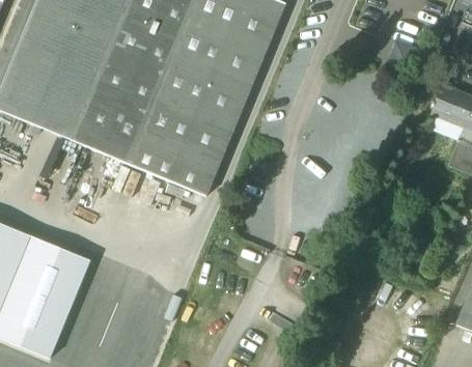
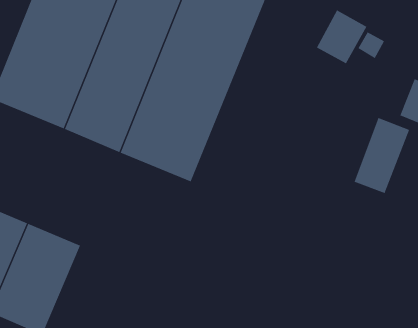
building: none -> [316,9,367,64]
building: none -> [354,117,410,194]

